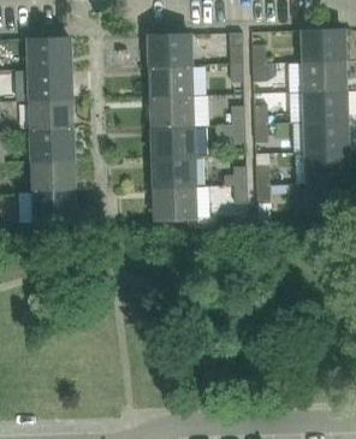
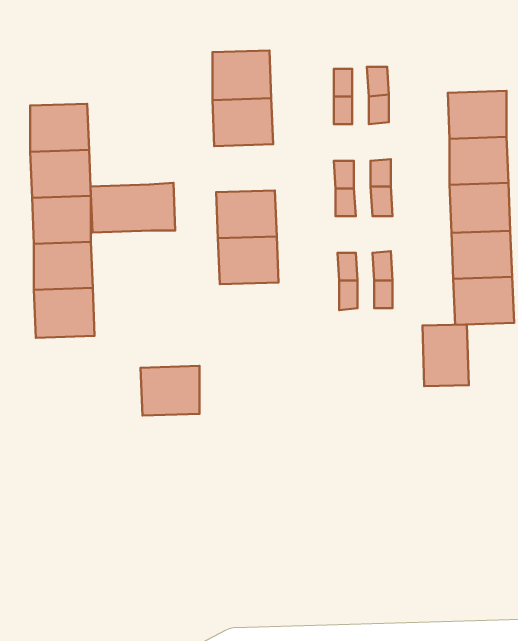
building: [303,30,343,63] -> none
building: [30,38,69,71] -> none
building: [152,95,207,127] -> [91,183,175,232]
building: [155,186,194,219] -> [141,366,199,416]
building: none -> [422,325,469,386]

